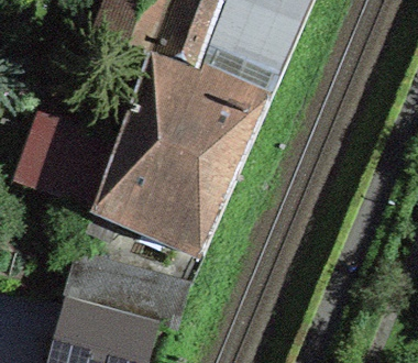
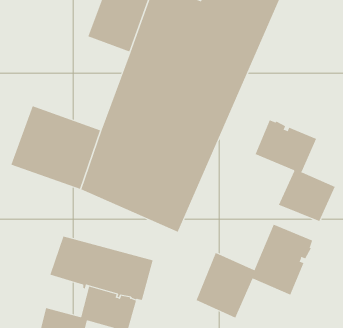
building: none -> [255,120,335,222]
building: none -> [196,224,313,319]

